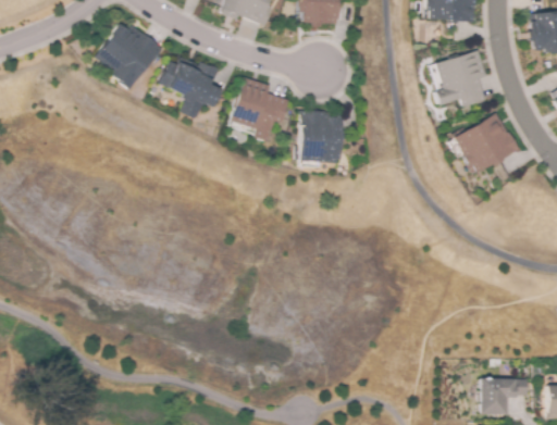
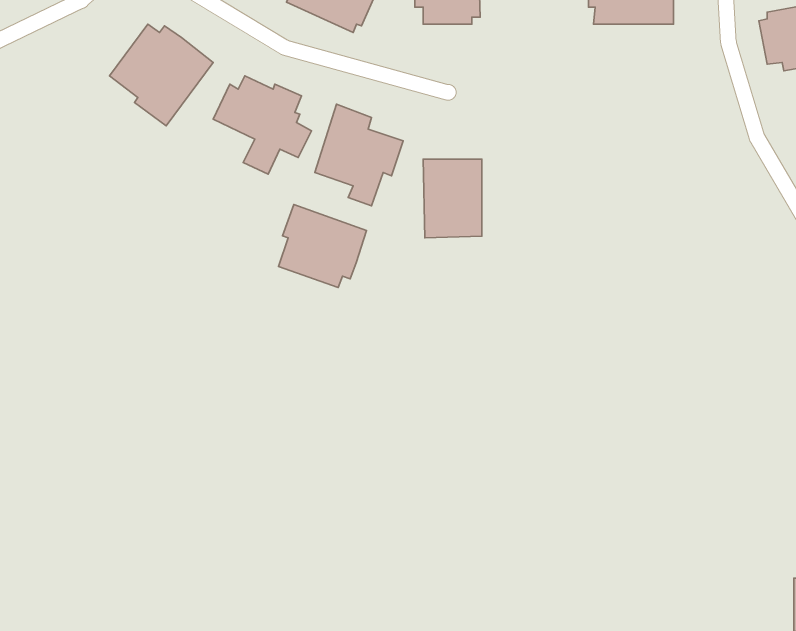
building: [425,50,484,109] -> none
building: [450,111,522,173] -> none
building: none -> [279,205,366,288]
building: [479,377,530,413] -> none

